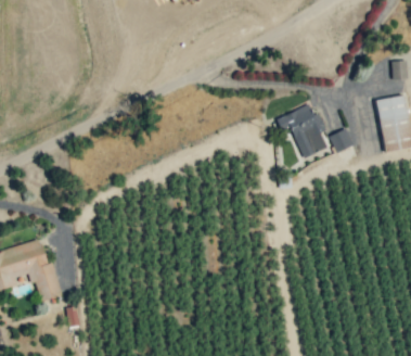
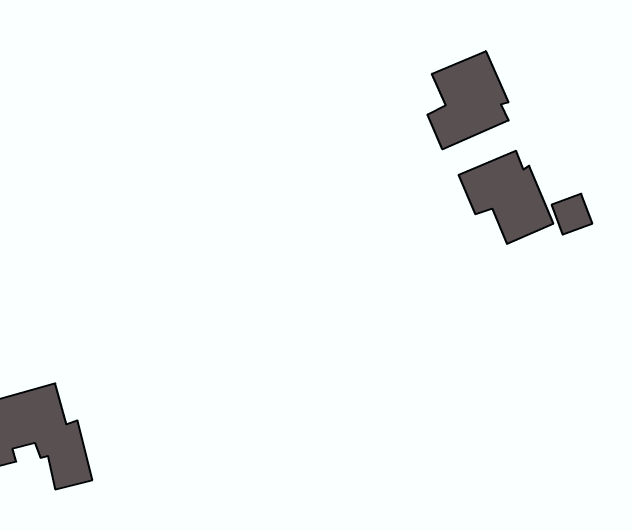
building: none -> [428,51,509,149]

